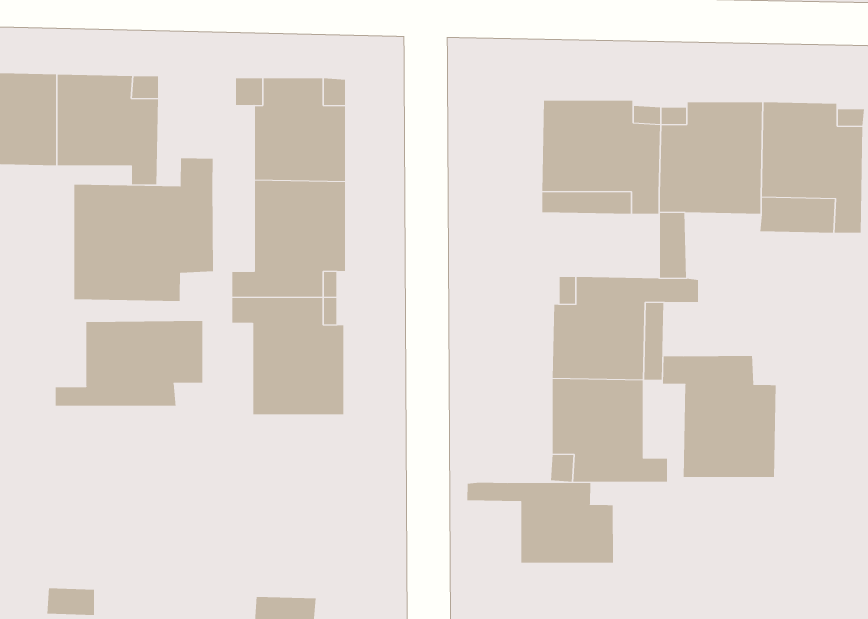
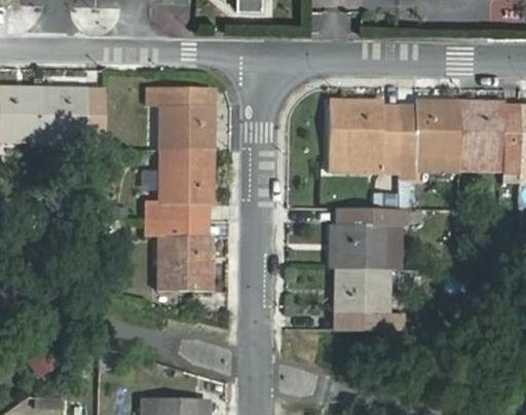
building: [74,157,213,302] -> none
building: [55,320,203,407] -> none
building: [663,355,776,478] -> none
building: [467,482,613,563] -> none

